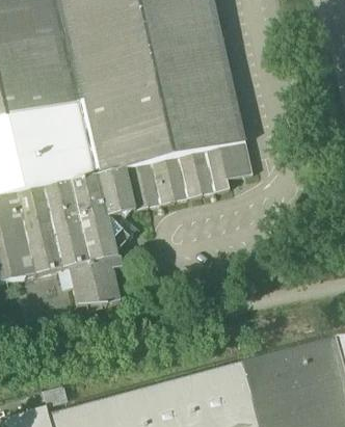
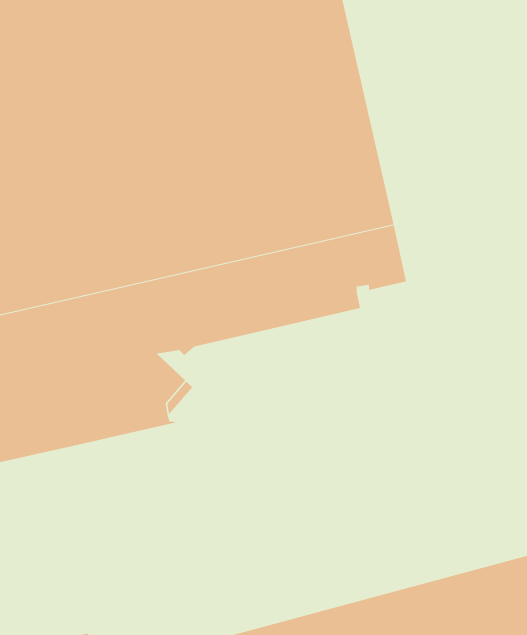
building: [59,260,122,310] -> none

